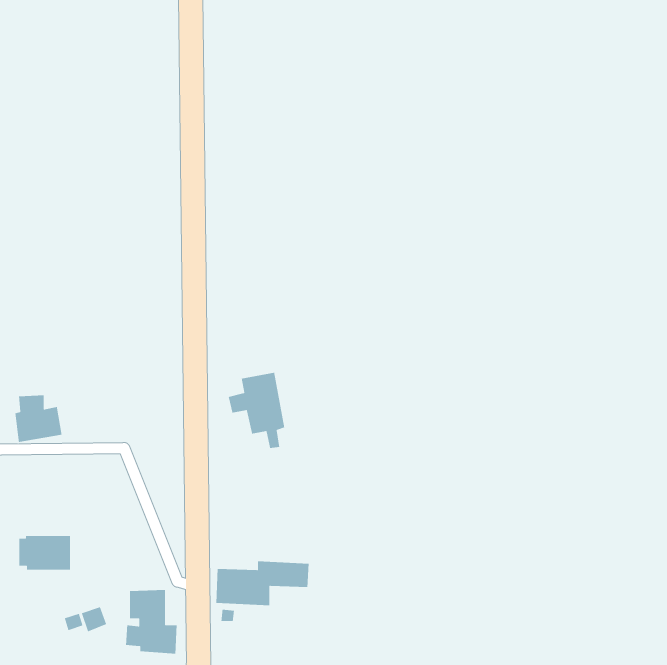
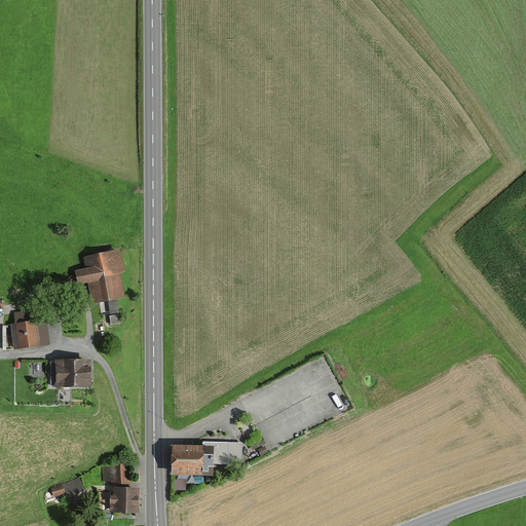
building: [228,372,285,449] -> [77,251,122,311]
building: [18,535,71,571] -> [51,361,92,388]

